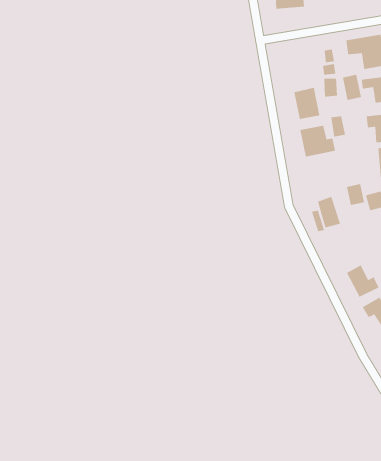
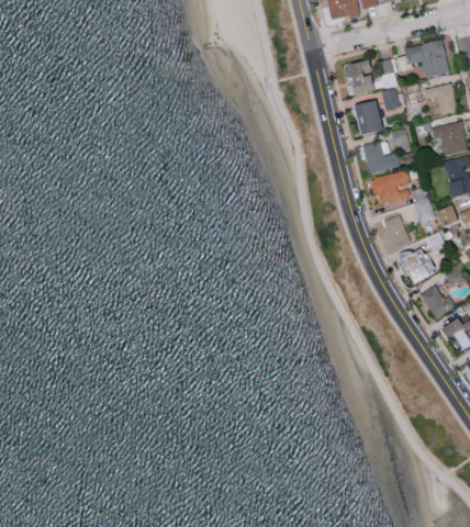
building: none -> [343,60,373,94]
building: none -> [372,170,411,205]
building: none -> [399,248,434,284]

